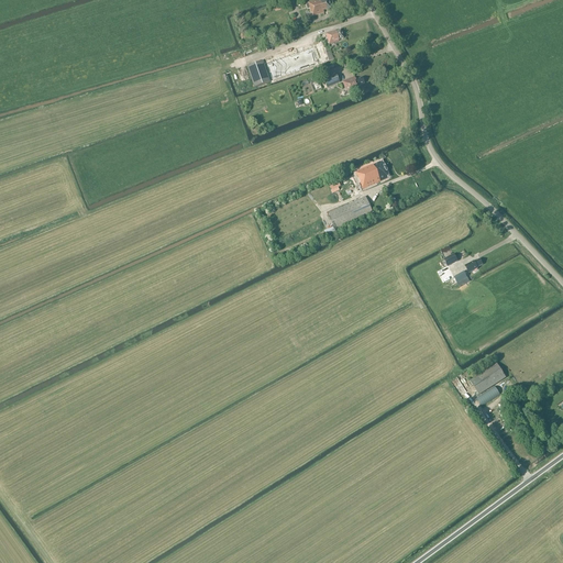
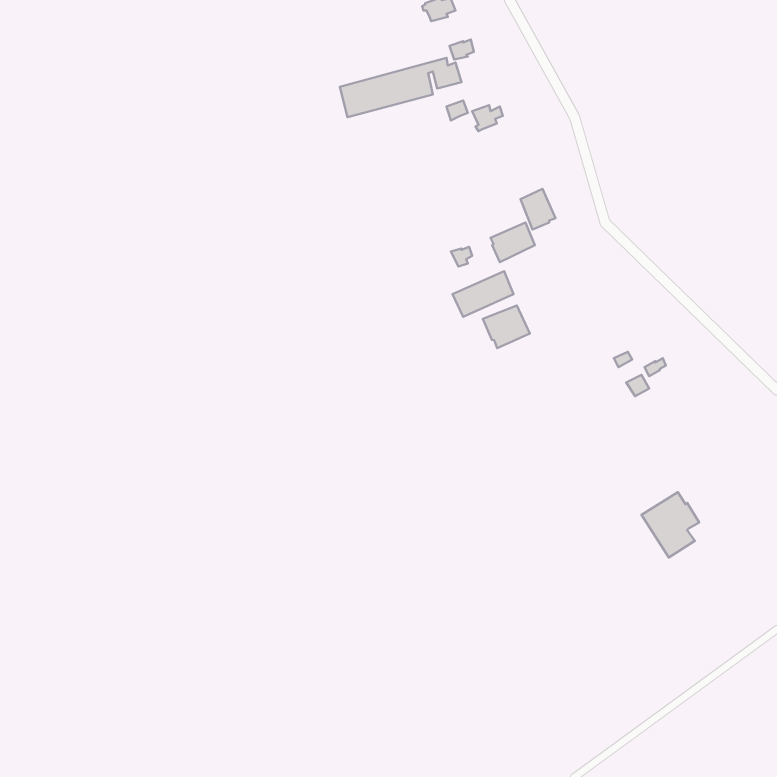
building: none -> [521,189,555,230]
building: none -> [483,306,530,348]

